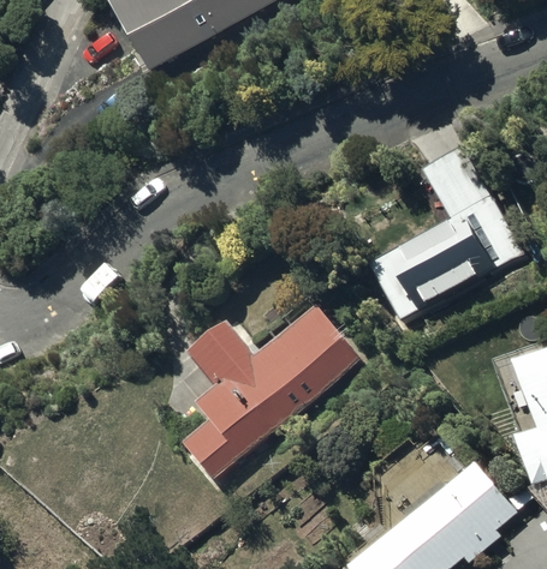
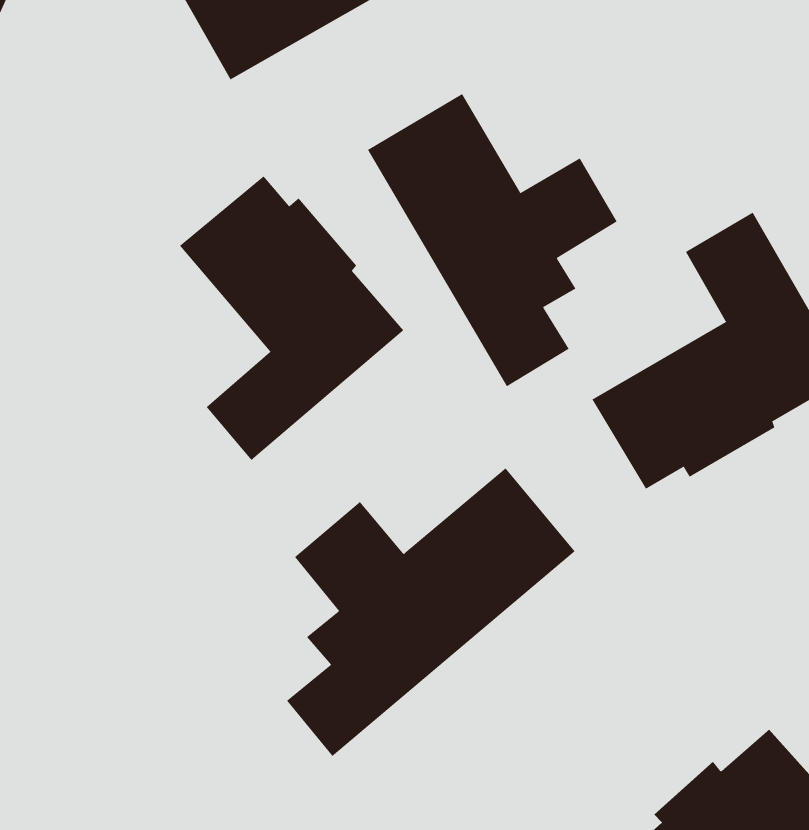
building: none -> [367,93,618,387]
building: none -> [179,175,404,461]

